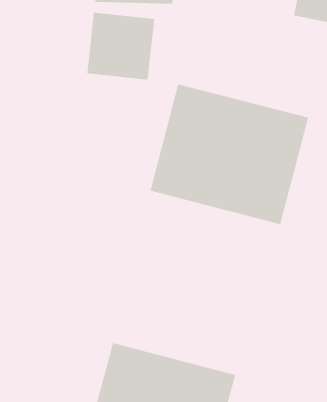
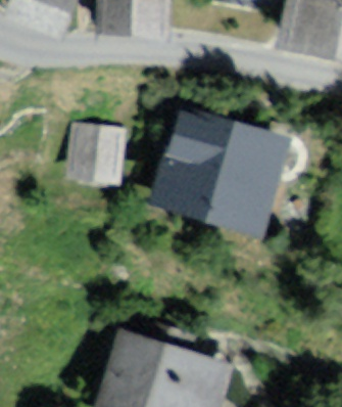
building: [86,12,155,80] -> [66,121,129,183]

